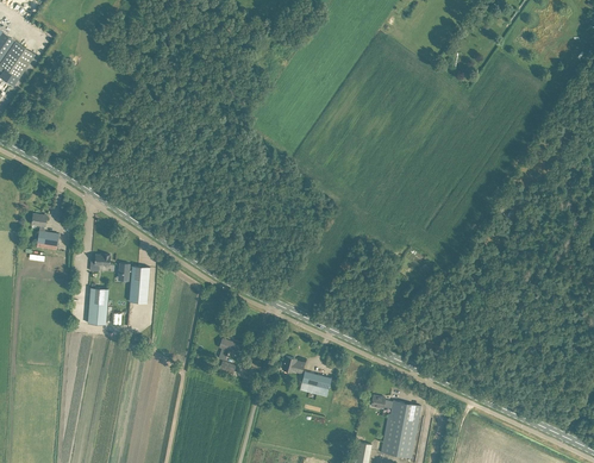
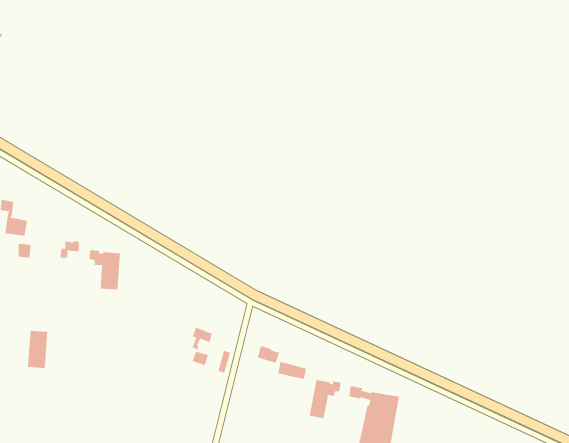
building: [87,288,107,325] -> [27,330,48,368]
building: none -> [309,379,341,419]

